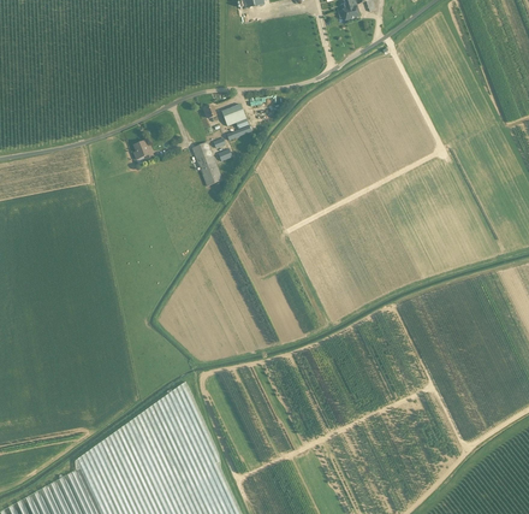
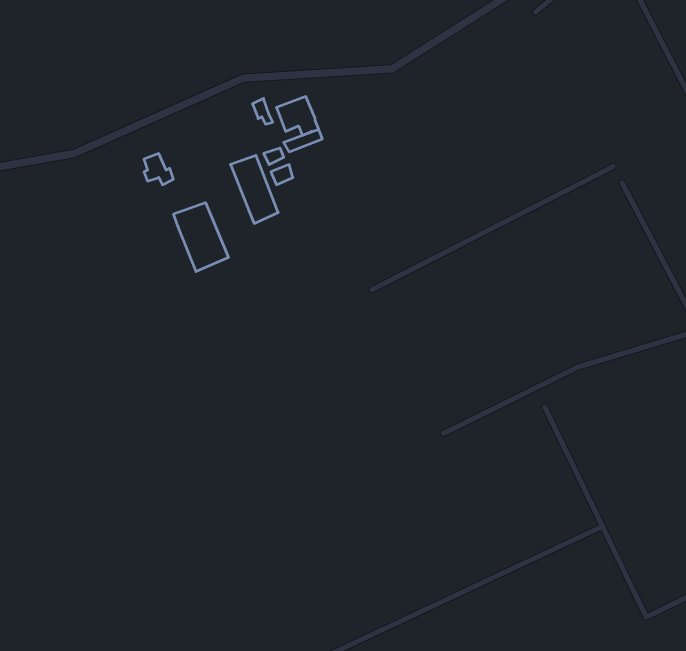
building: none -> [174,203,228,272]

